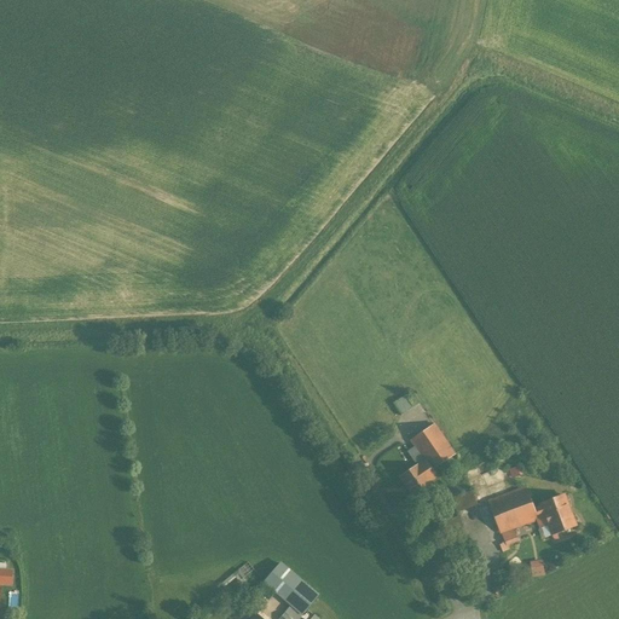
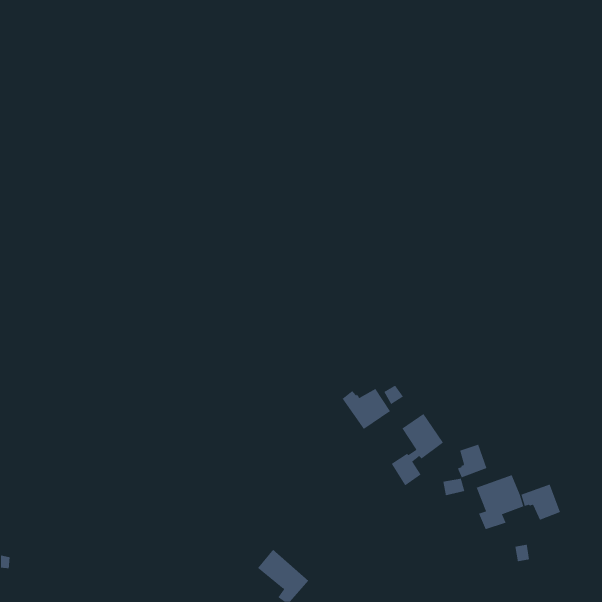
building: none -> [342,388,391,430]
building: none -> [457,444,487,478]

